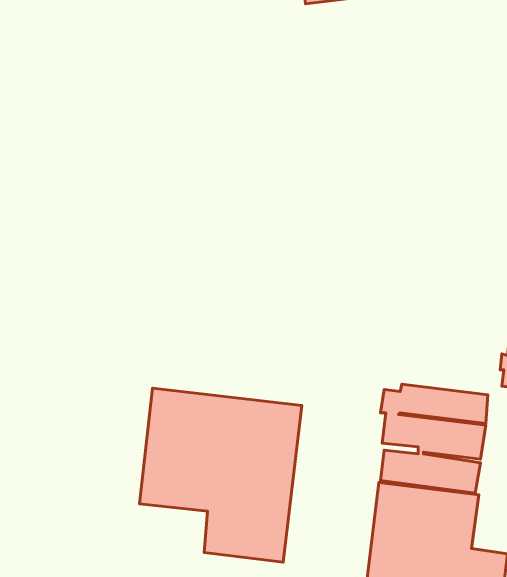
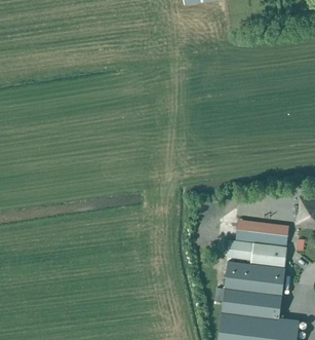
building: [140,388,302,562] -> none

